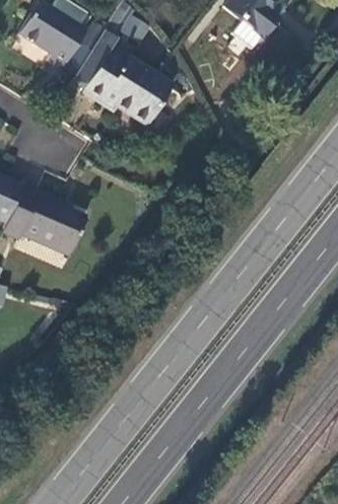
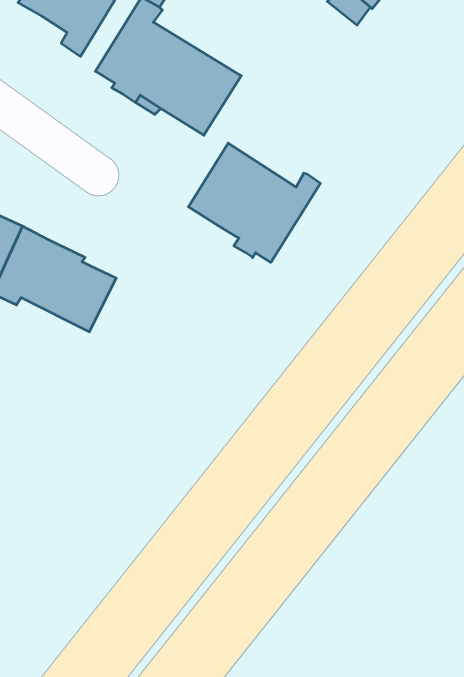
building: none -> [188,143,320,262]

